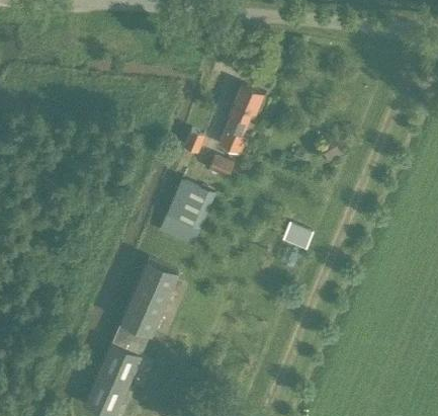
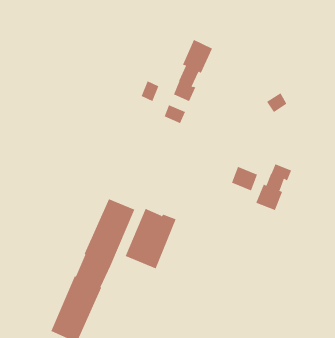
building: [160,180,216,247] -> [125,208,176,269]
building: none -> [255,163,292,211]

